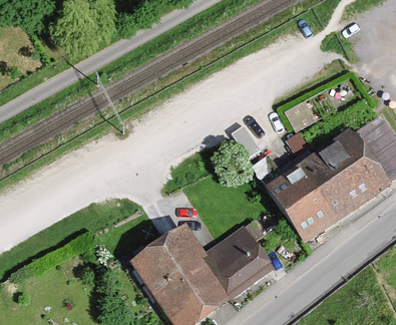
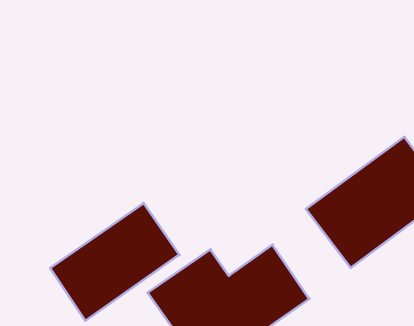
building: none -> [50,203,179,321]

